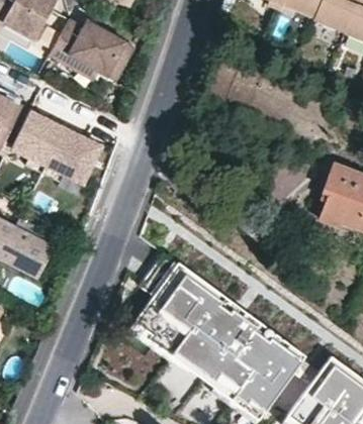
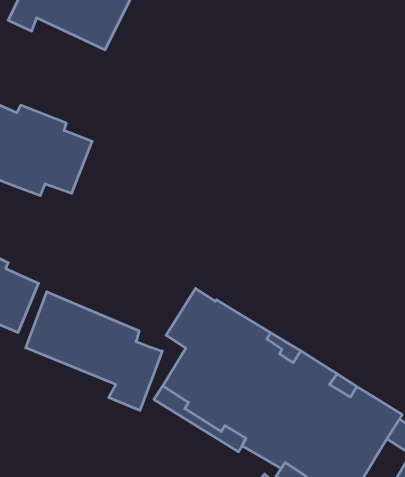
building: none -> [26,292,162,410]

